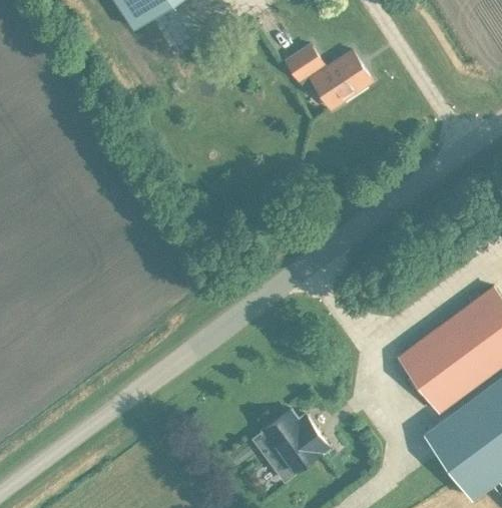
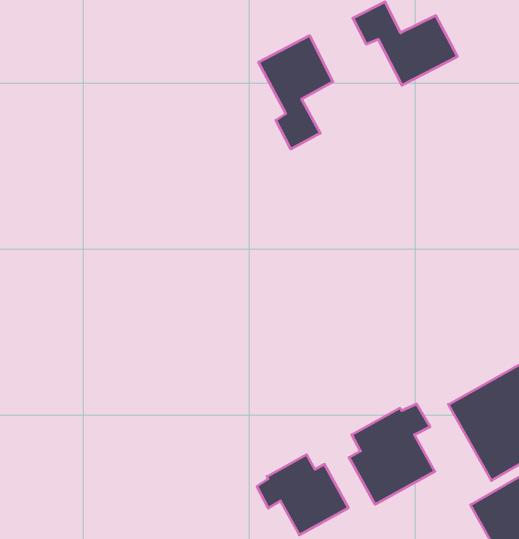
building: none -> [259,36,333,149]
building: none -> [349,404,435,504]

